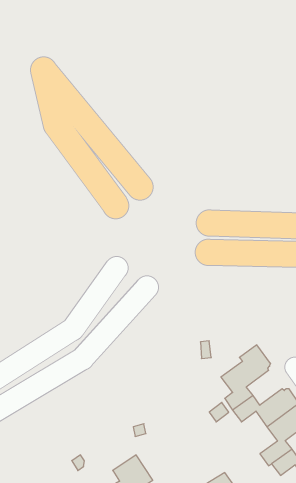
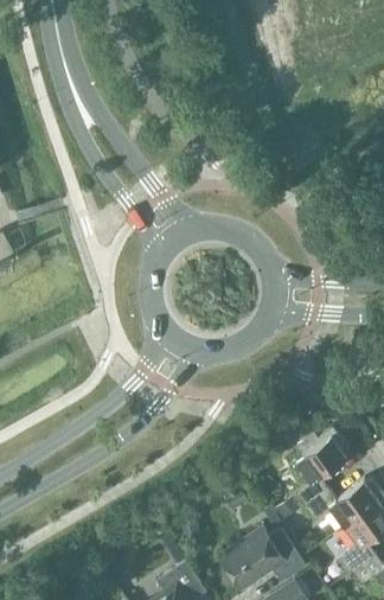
building: none -> [220,529,307,591]

